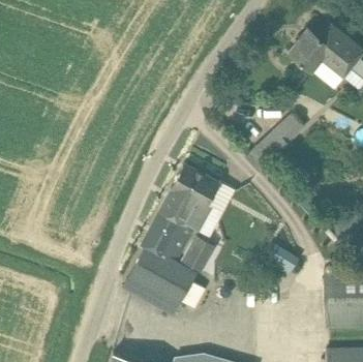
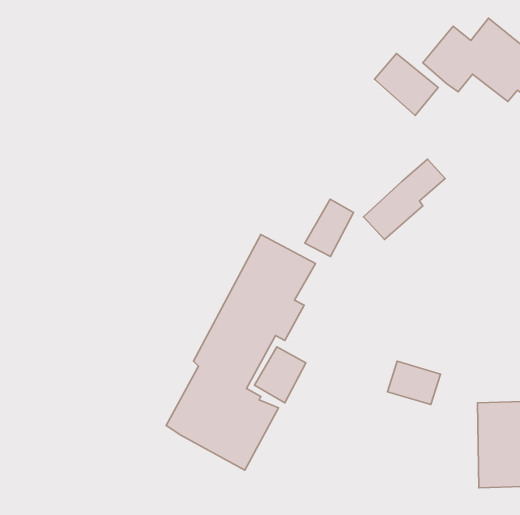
building: none -> [374,54,438,115]
building: none -> [305,199,354,257]

